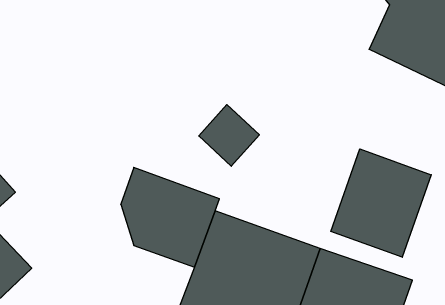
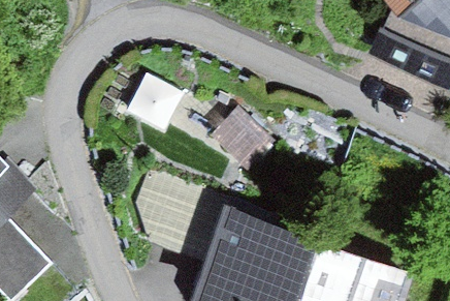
building: [331,149,431,257] -> none

